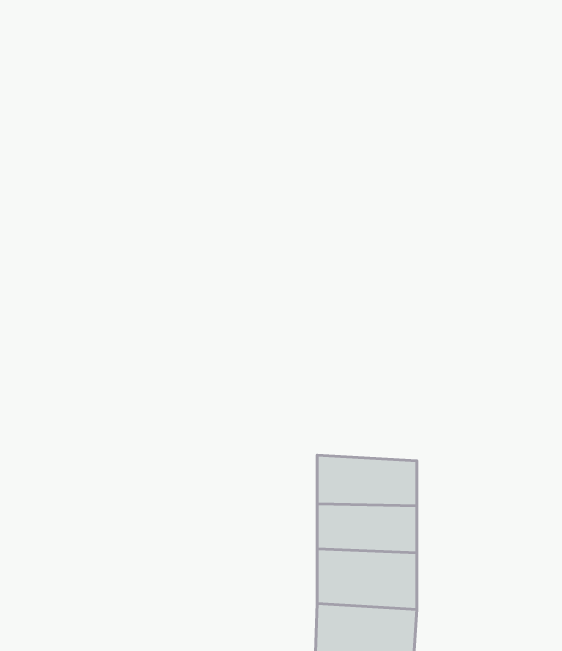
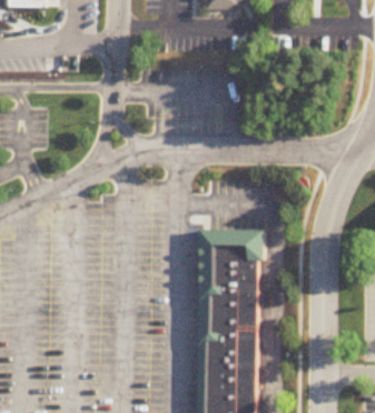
building: none -> [201,235,267,276]

